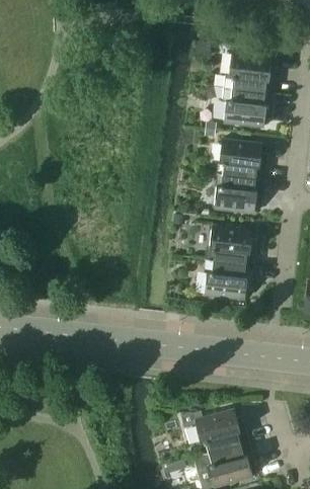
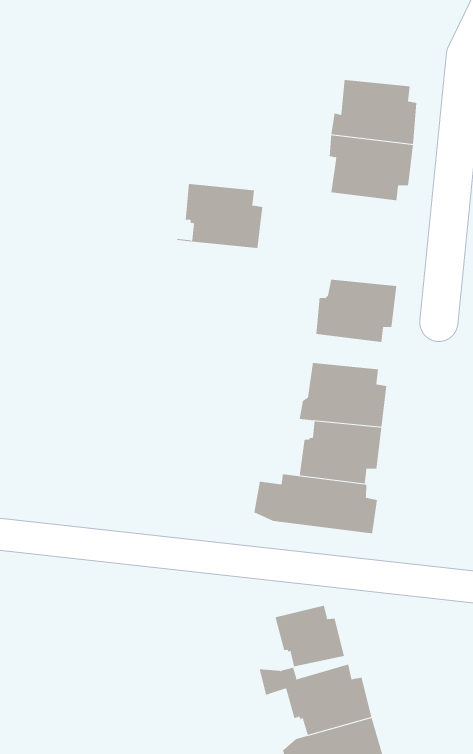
building: [213,139,265,178] -> [176,184,263,249]
building: none -> [254,474,377,534]
building: none -> [275,605,344,667]

